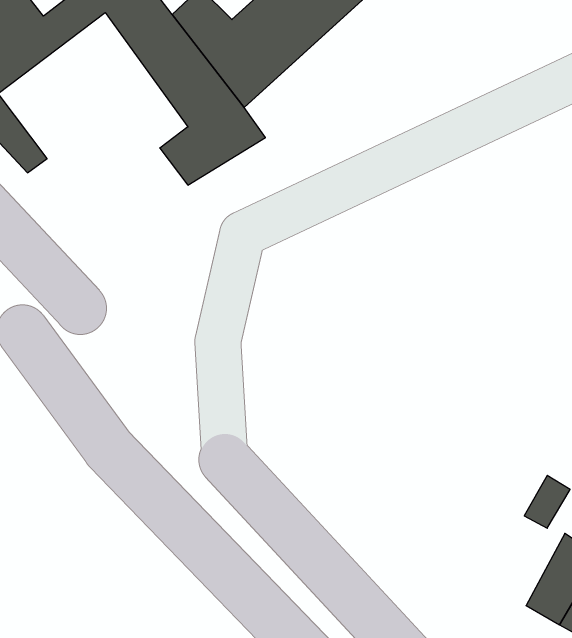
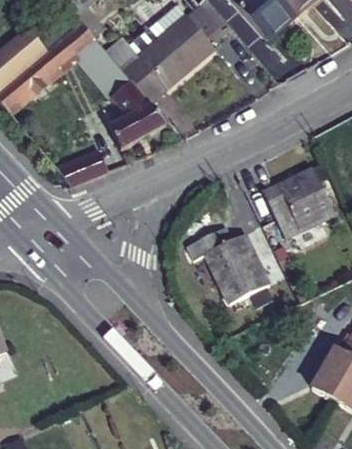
building: none -> [53,150,102,183]
building: none -> [264,169,335,238]
building: none -> [187,226,268,302]

